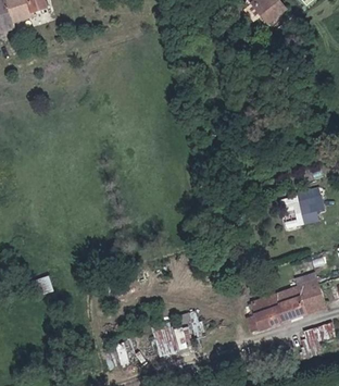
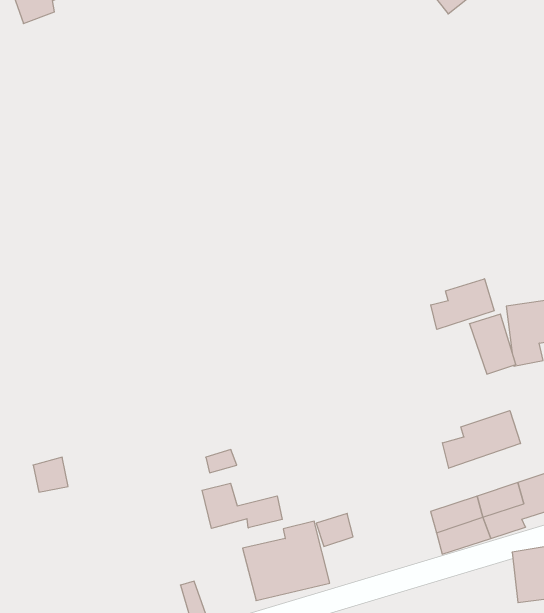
building: none -> [431,279,494,329]
building: none -> [442,411,520,468]
building: none -> [202,483,282,528]

